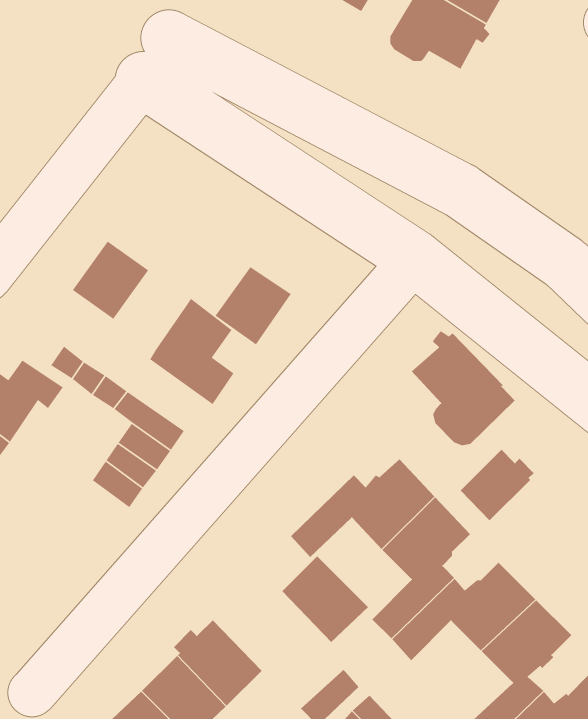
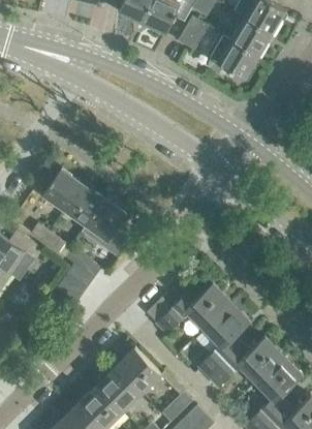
building: [214,266,292,346] -> [64,185,104,226]
building: [411,330,515,446] -> none
building: [460,449,535,521] -> none
building: [282,556,369,643] -> [116,348,161,394]

